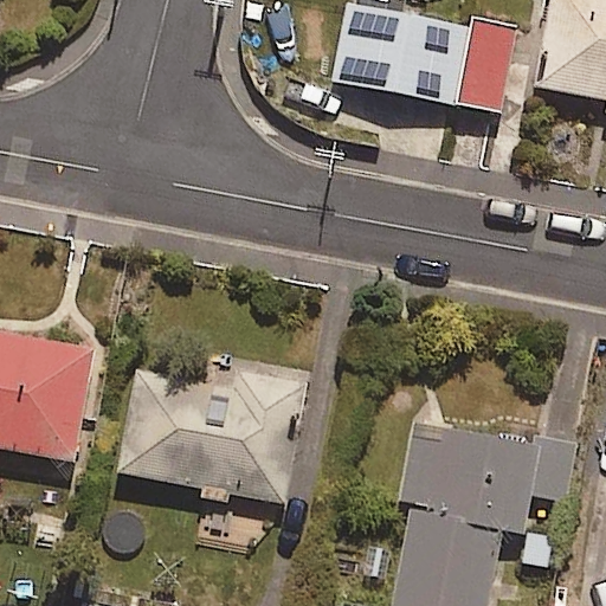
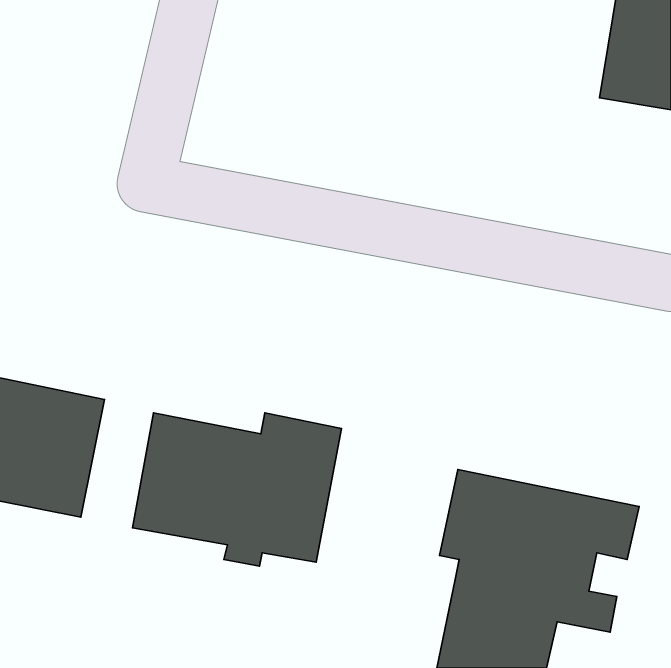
building: [335,5,514,110] -> none

